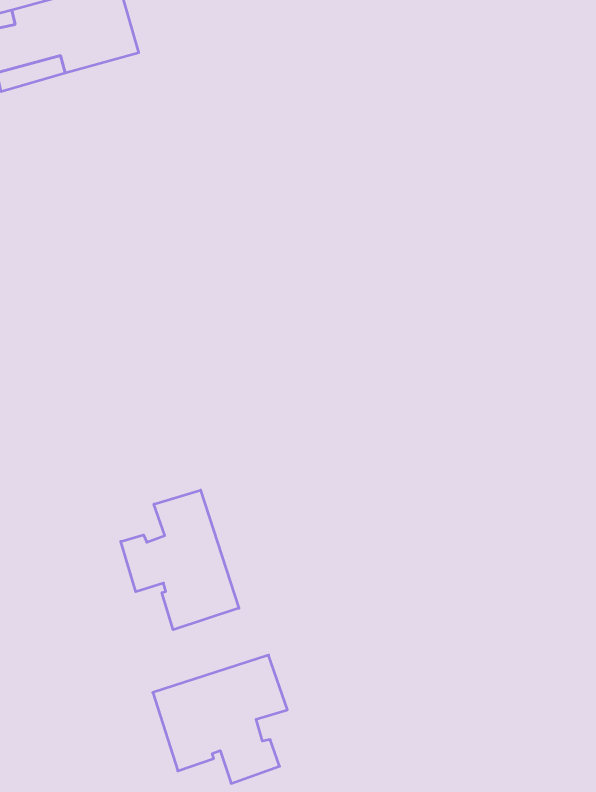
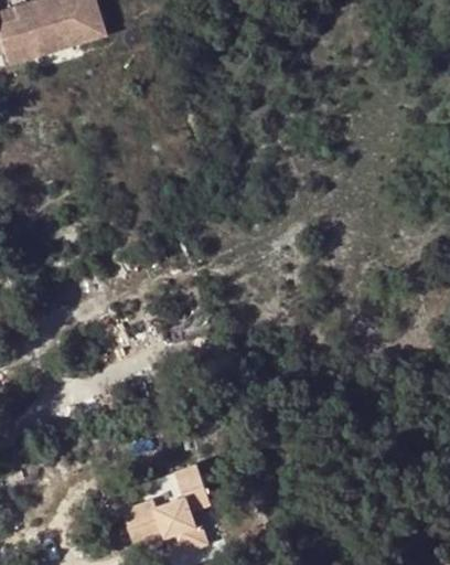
building: [121,490,239,630] -> none

